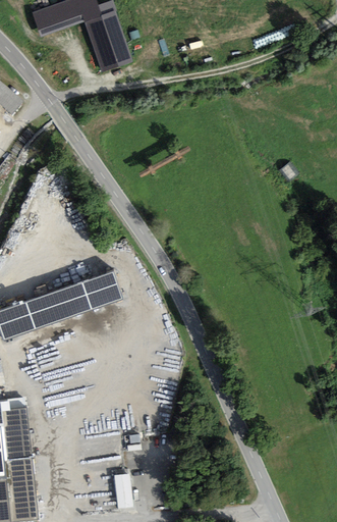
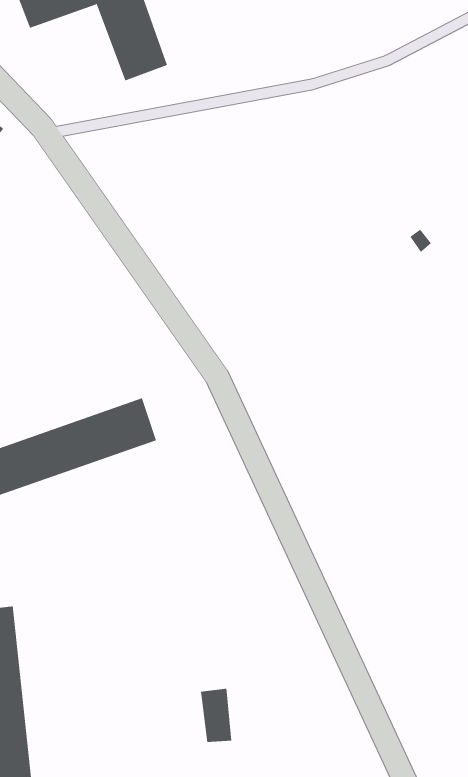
building: [113,473,133,508] -> [200,688,232,742]

